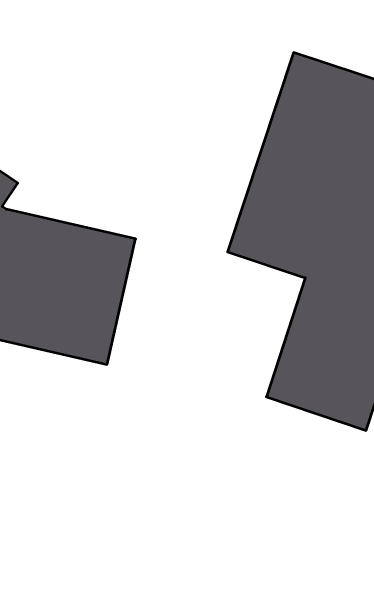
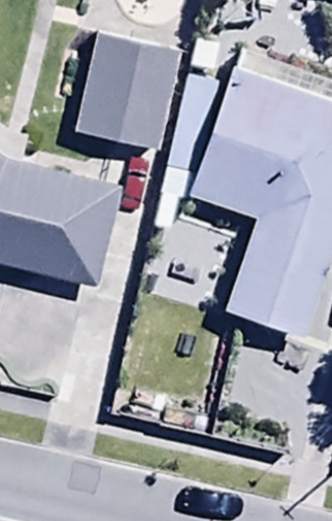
building: none -> [75,26,183,151]

